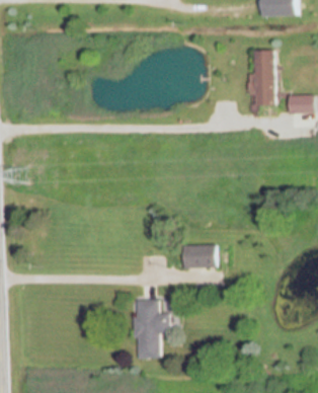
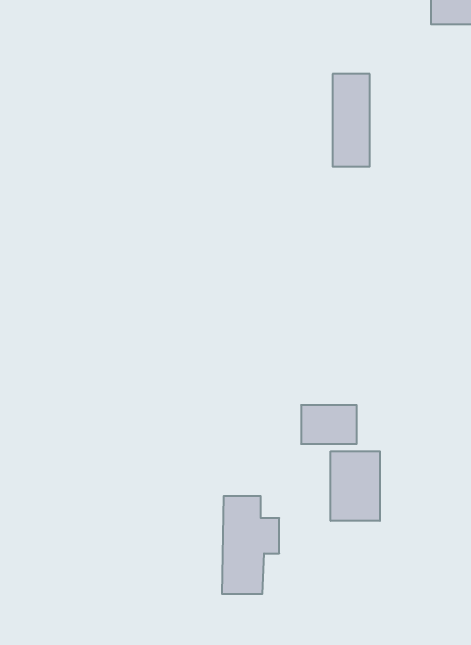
building: [253,50,275,105] -> [333,74,370,167]
building: none -> [331,451,380,521]

